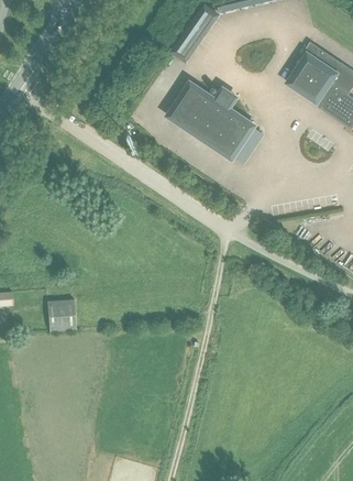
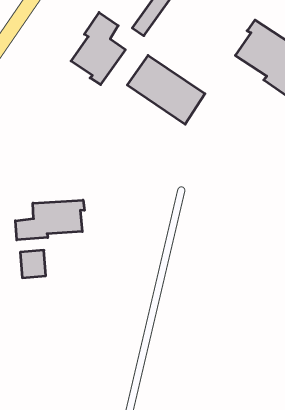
building: none -> [71,12,125,85]
building: none -> [15,200,84,240]

